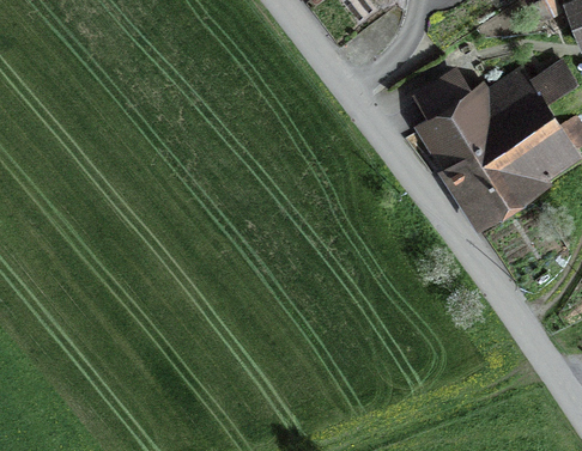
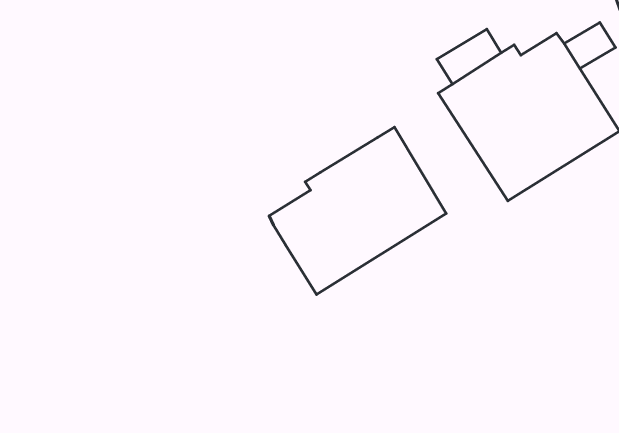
building: none -> [269,127,446,294]

